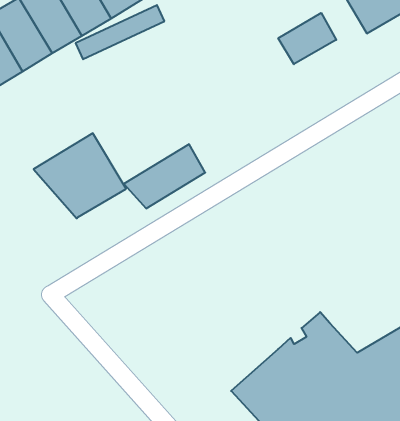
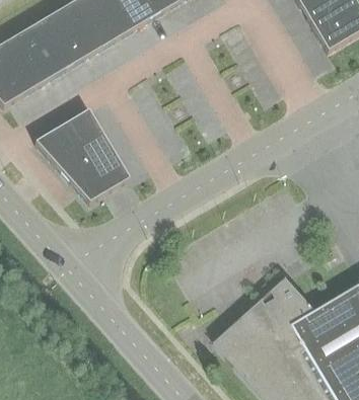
building: [278,13,336,64] -> none
building: [124,144,205,208] -> [34,107,101,160]

